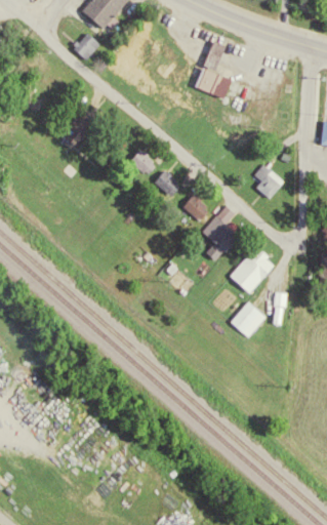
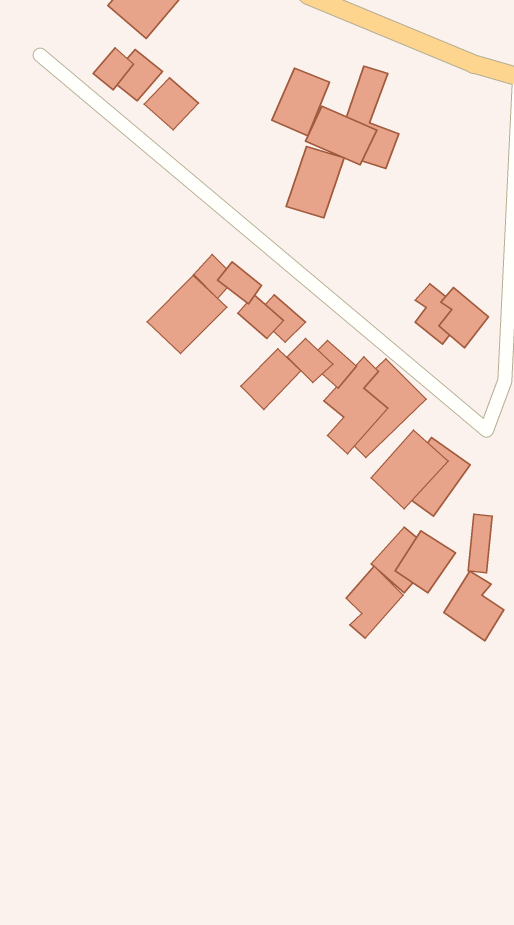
building: none -> [272,68,330,136]
building: none -> [144,78,198,130]
building: none -> [286,146,344,218]
building: none -> [147,276,227,353]
building: none -> [241,349,301,409]
building: none -> [346,566,403,638]
building: none -> [444,571,504,641]

